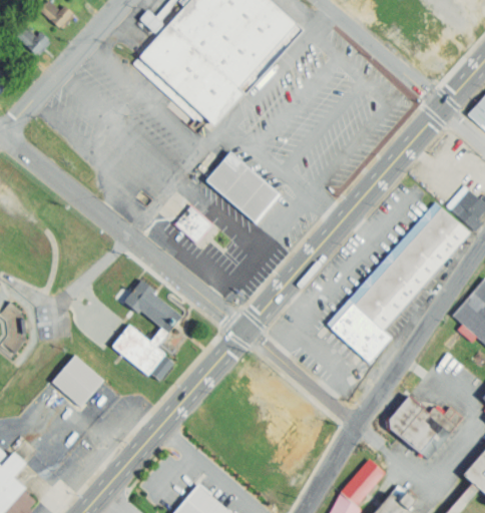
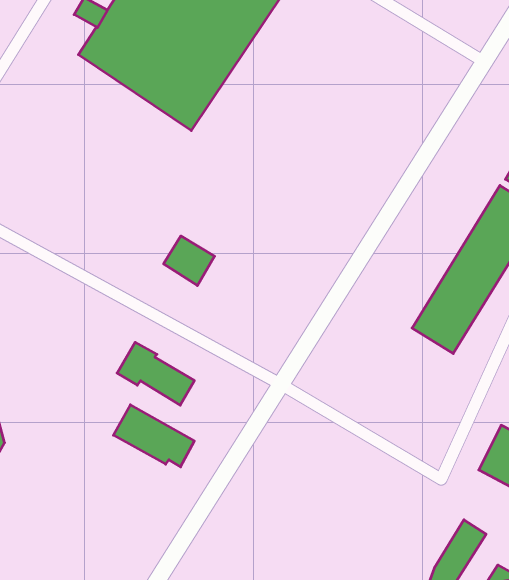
building: [206,152,279,223] -> none
building: [331,304,391,363] -> none
building: [52,356,103,407] -> none

